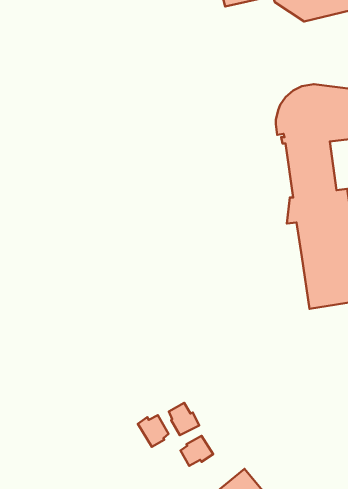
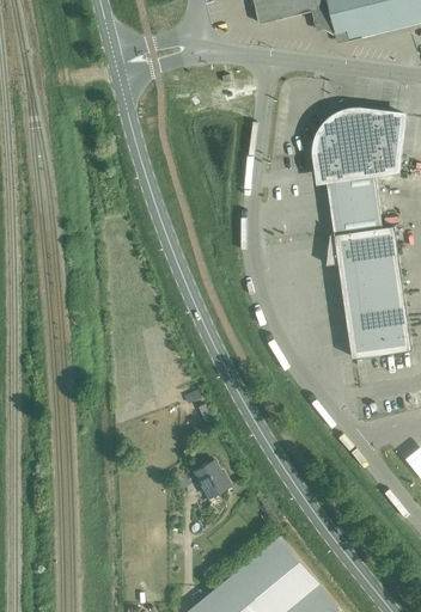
building: [138,415,169,447] -> none
building: [181,436,213,466] -> none

